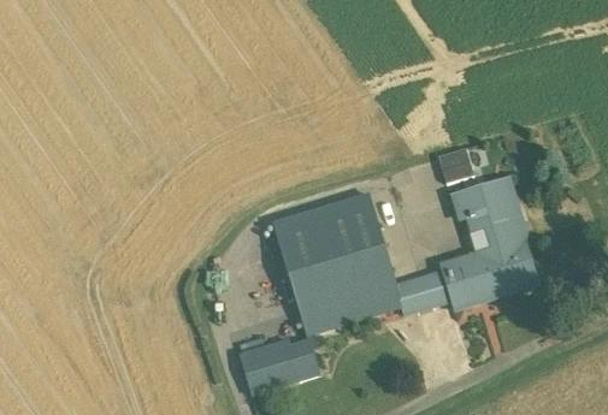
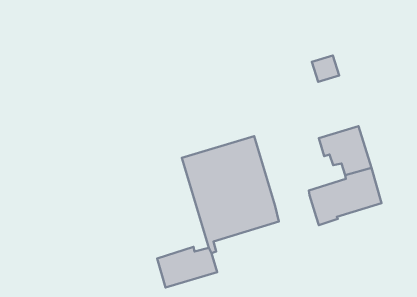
building: [437,147,473,182] -> [312,56,339,82]
building: [396,271,450,314] -> none

